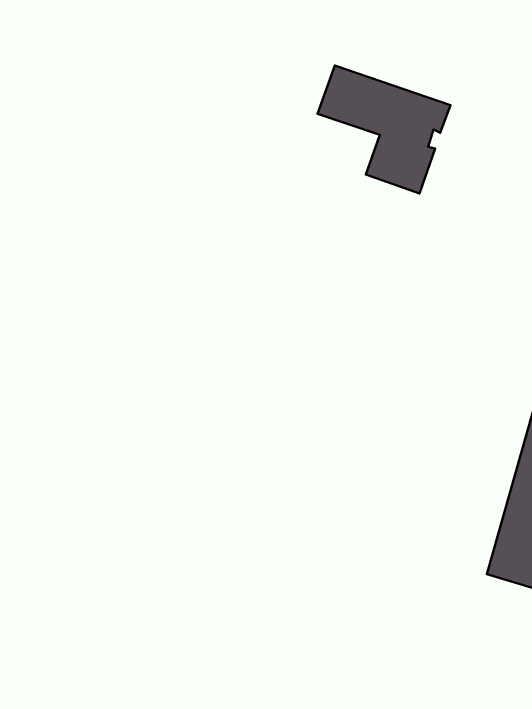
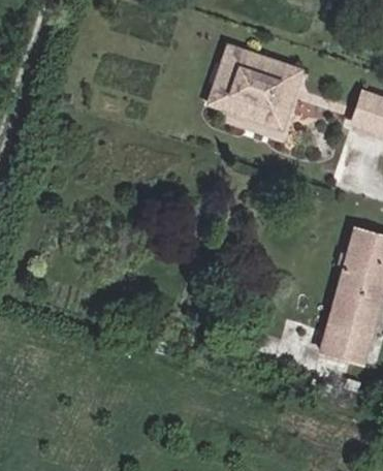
building: none -> [212,77,257,114]

